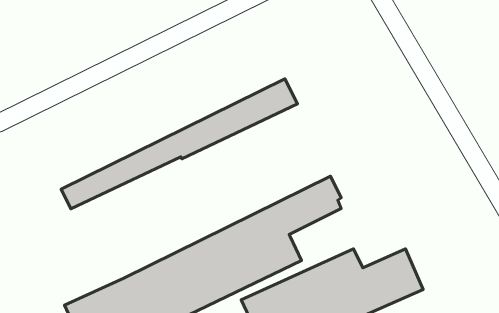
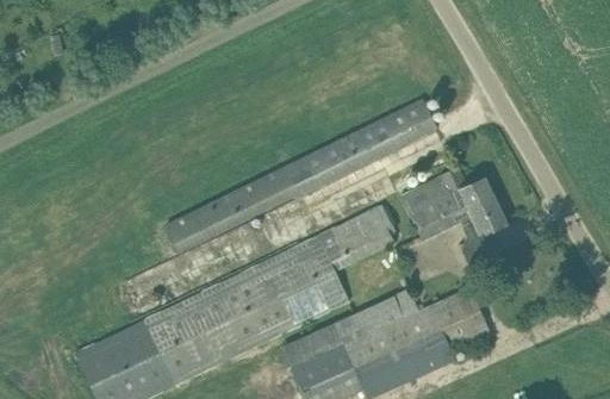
building: [61,79,297,209] -> [166,99,436,248]
building: none -> [402,168,505,250]

